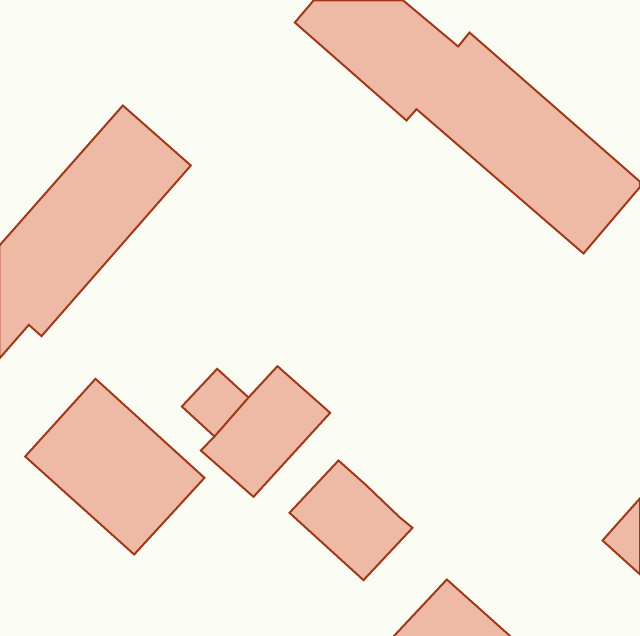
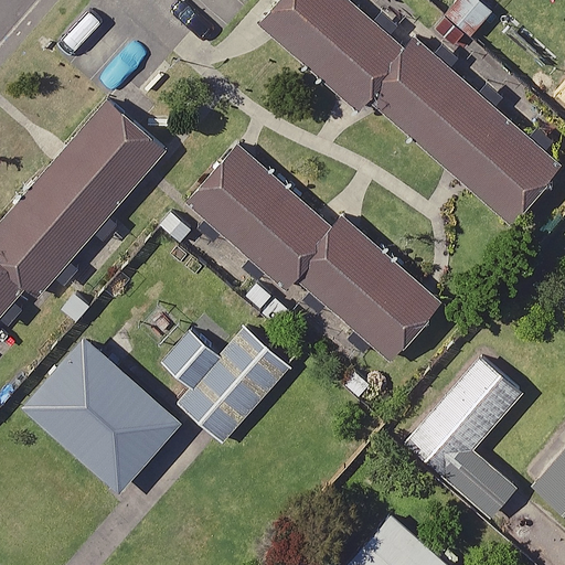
building: none -> [188,145,444,365]
building: none -> [405,355,522,518]
building: [289,460,413,580] -> none

